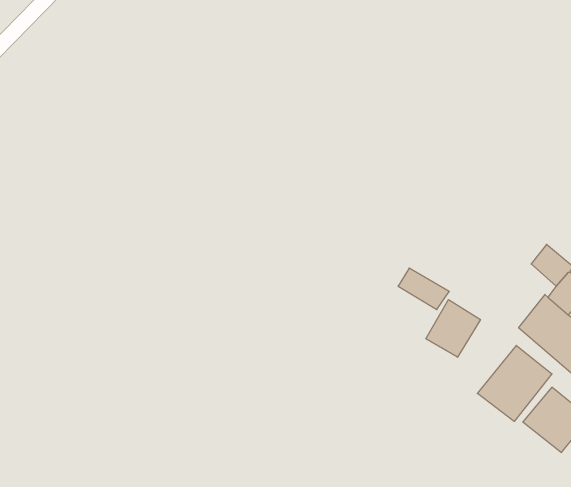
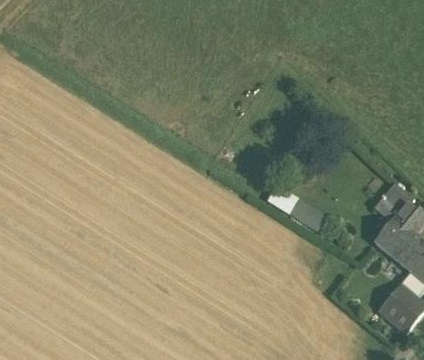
building: [426,300,480,357] -> none
building: [477,345,552,421] -> none

